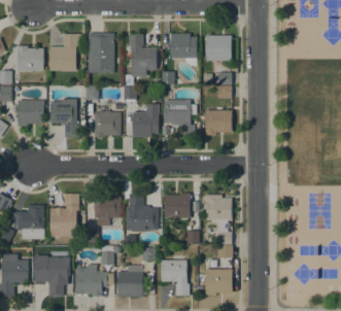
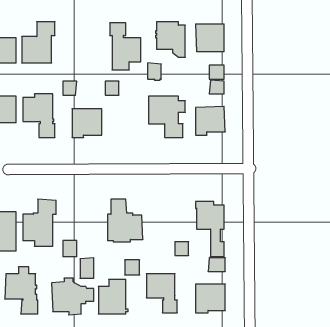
building: [87,32,113,73] -> none
building: [132,103,159,136] -> none
building: [92,193,121,224] -> none
building: [164,193,190,217] -> none

